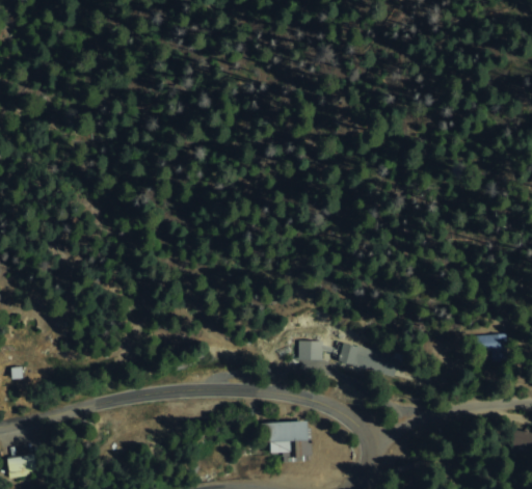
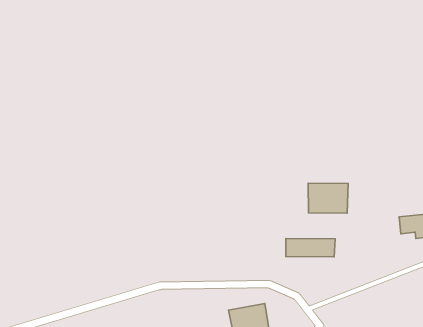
building: none -> [308,183,348,213]
building: [298,342,321,360] -> none

